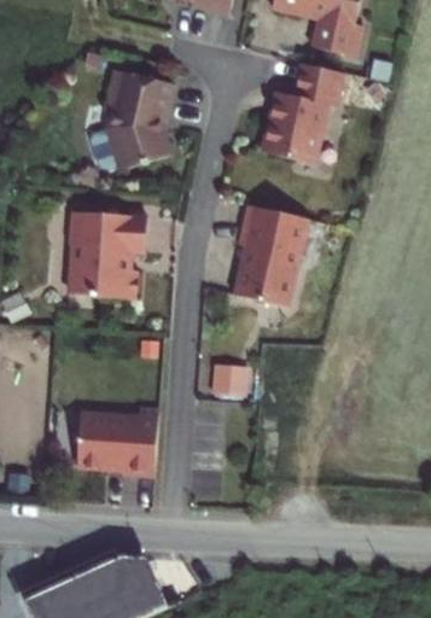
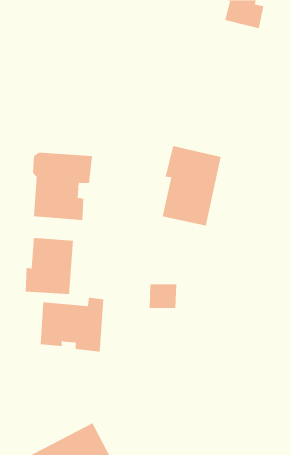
building: [260,60,342,159] -> none
building: [106,68,173,167] -> none
building: none -> [25,237,73,295]

